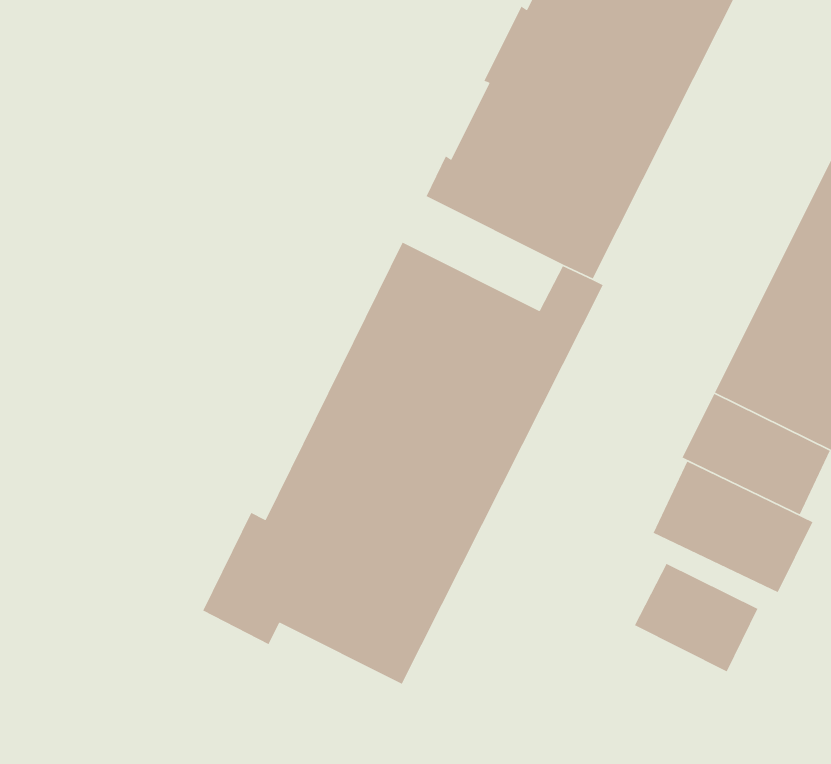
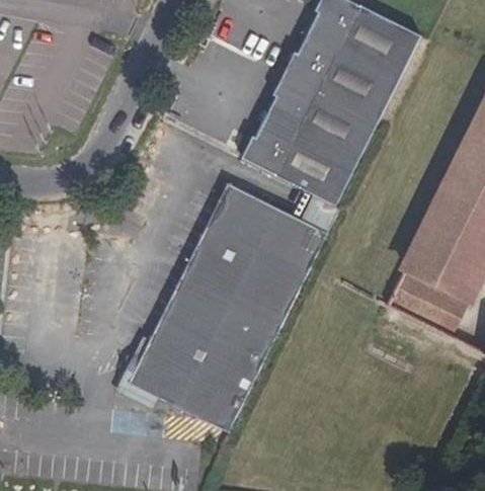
building: [653,460,814,593] -> none
building: [634,563,759,672] -> none

